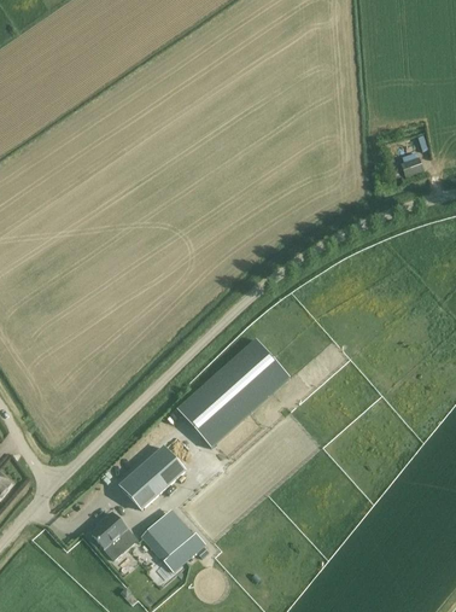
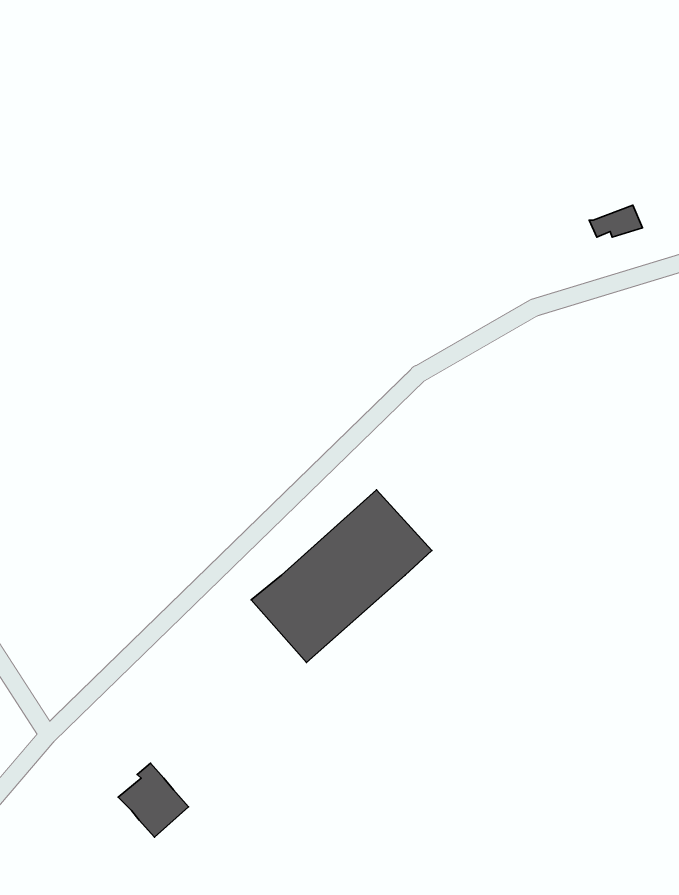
building: [119,447,183,508] -> none
building: [141,511,205,572] -> none

